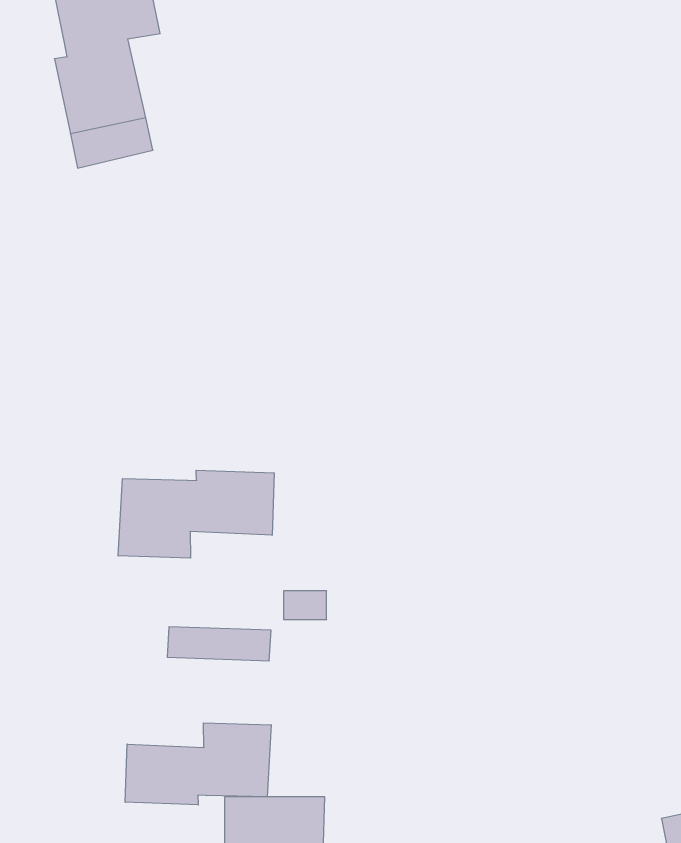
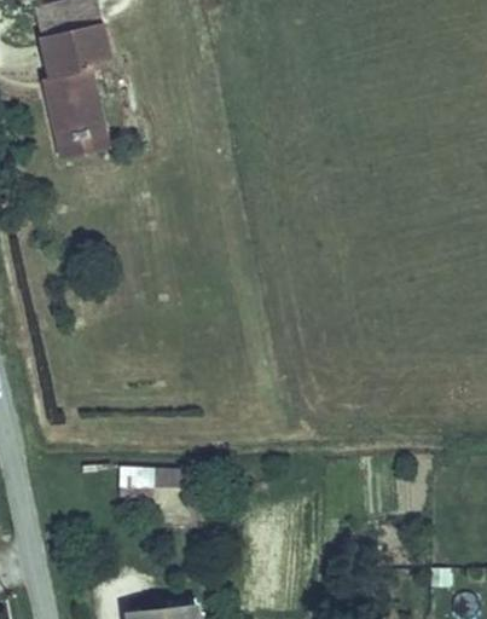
building: [118,470,274,558] -> none
building: [125,723,271,805] -> none

